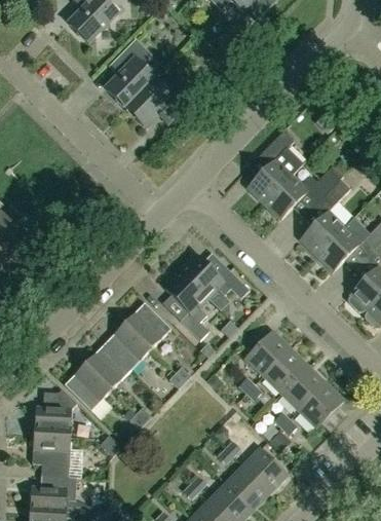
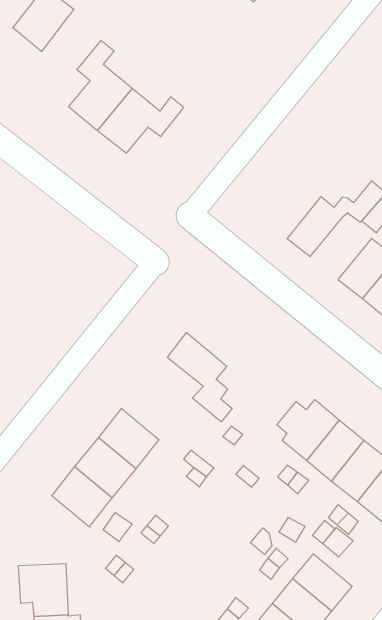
building: [246,132,303,204] -> none
building: [179,254,249,299] -> none
building: [123,302,170,349] -> none
building: [33,389,76,438] -> none

